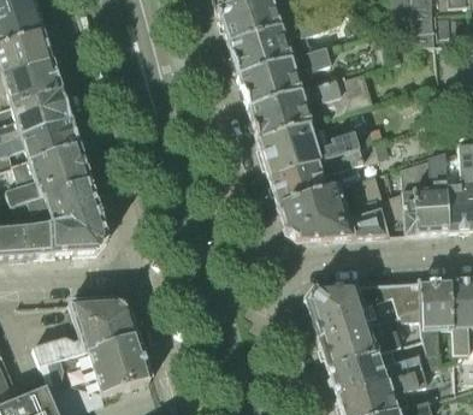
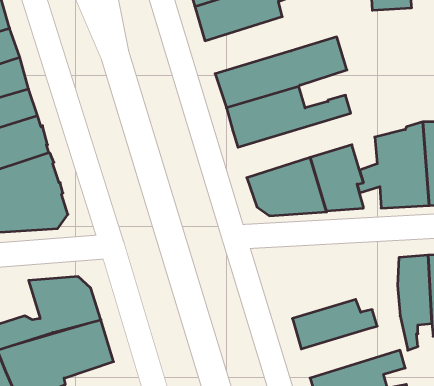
building: [236,46,331,105] -> none
building: [267,142,379,203] -> none
building: [307,279,420,337] -> none
building: [327,346,421,393] -> none

